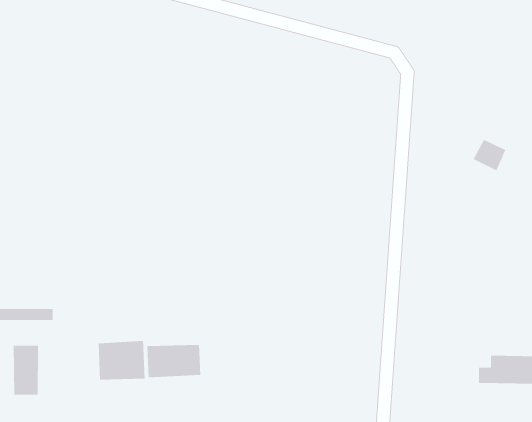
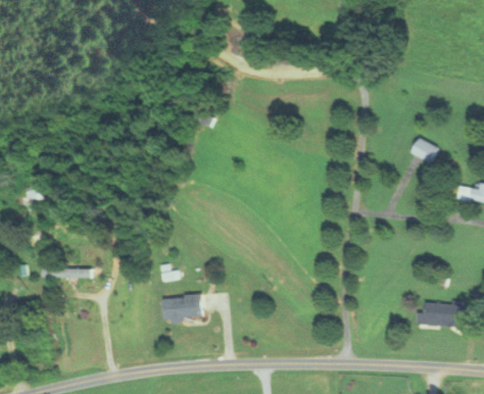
building: [98,340,145,381] -> none
building: [13,345,39,395] -> none

